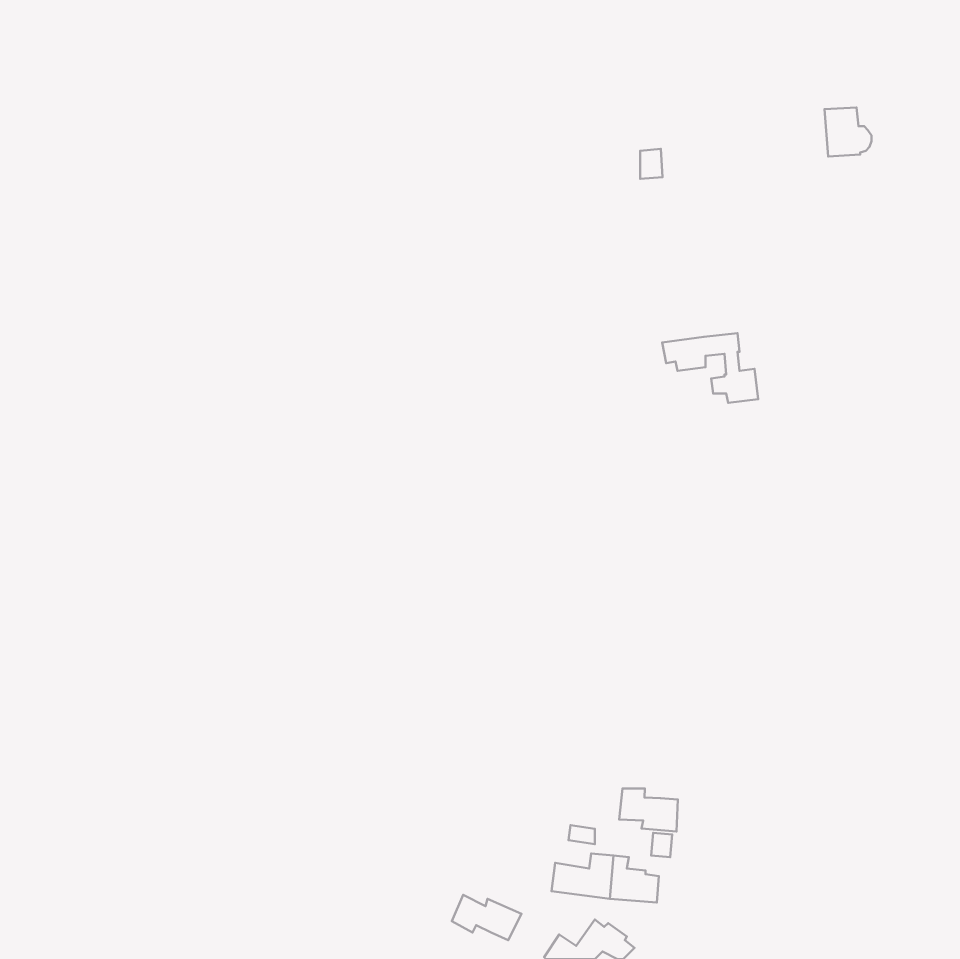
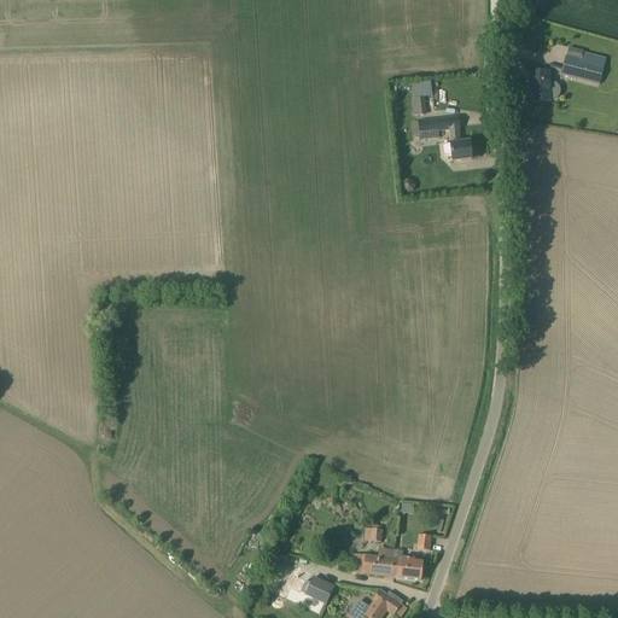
building: none -> [561,46,607,82]
building: [662,333,758,403] -> [412,115,473,159]
building: [619,788,678,832] -> none

